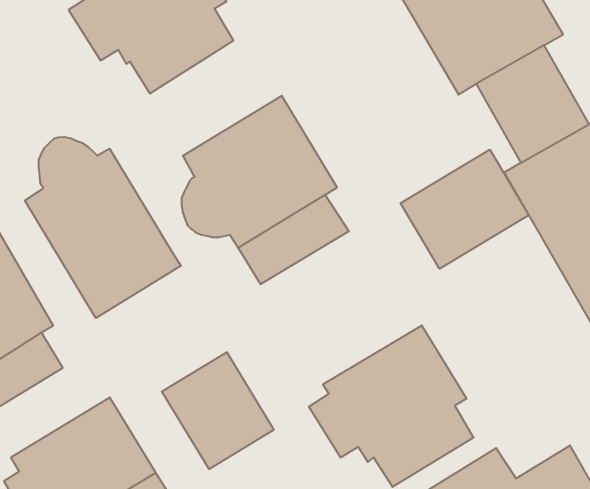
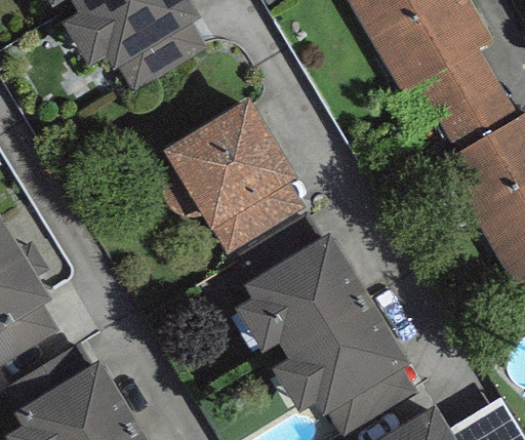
building: [25,137,181,318] -> none
building: [400,150,529,269] -> none
building: none -> [235,229,370,349]
building: [162,352,274,469] -> none

